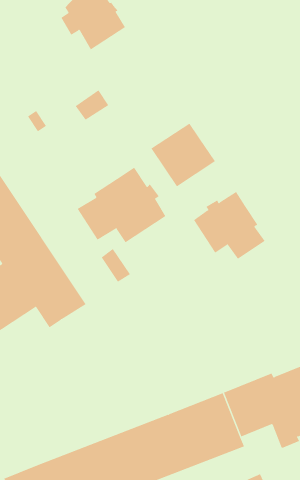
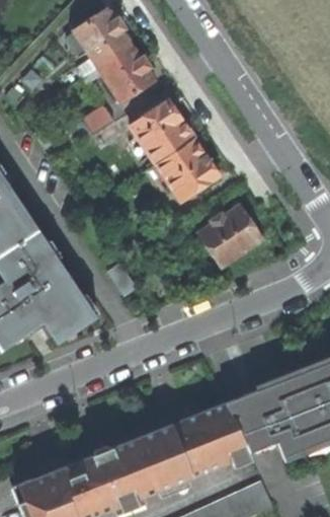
building: none -> [97,46,155,103]
building: none -> [130,99,194,164]
building: [77,167,166,243] -> none

